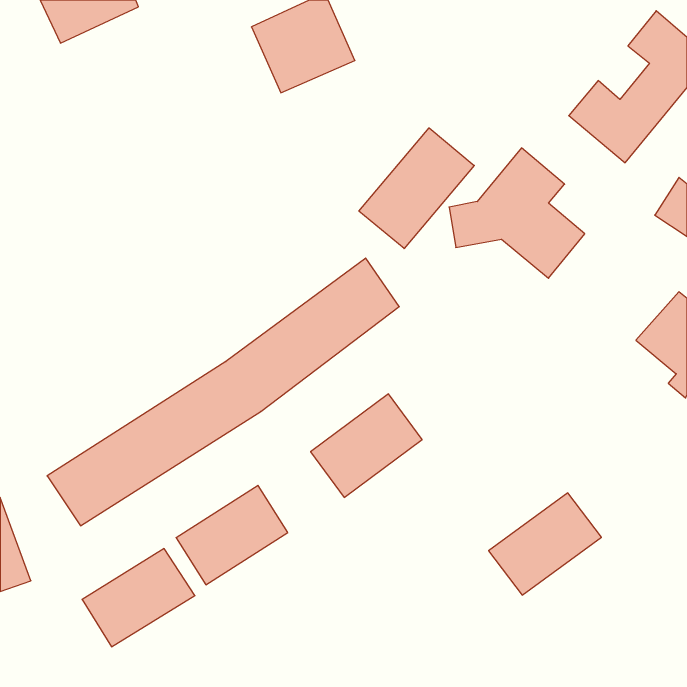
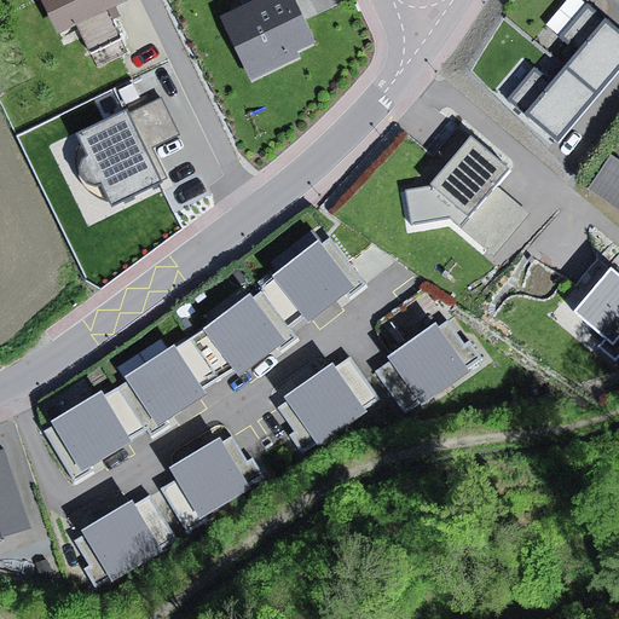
building: none -> [82,99,180,212]
building: [359,128,474,249] -> none
building: [489,493,601,595] -> [377,320,479,412]

